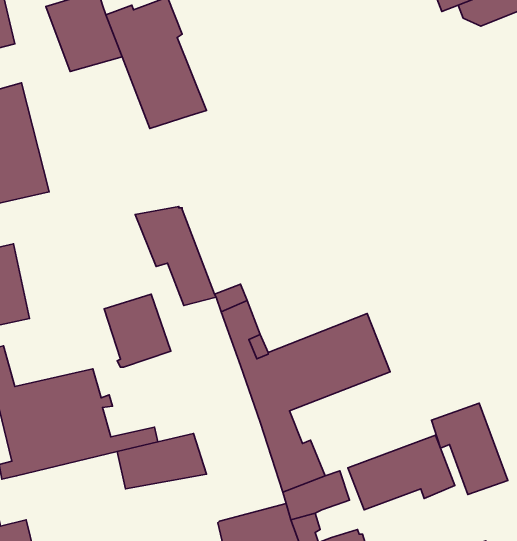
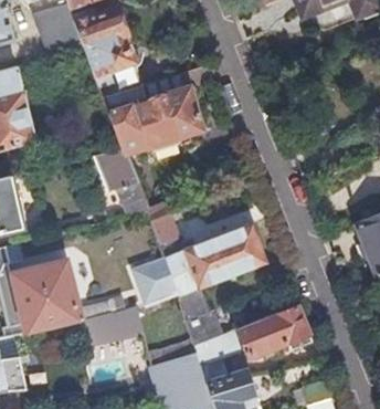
building: none -> [109,73,201,153]
building: [104,294,171,367] -> [134,259,179,308]
building: [432,403,508,495] -> none

